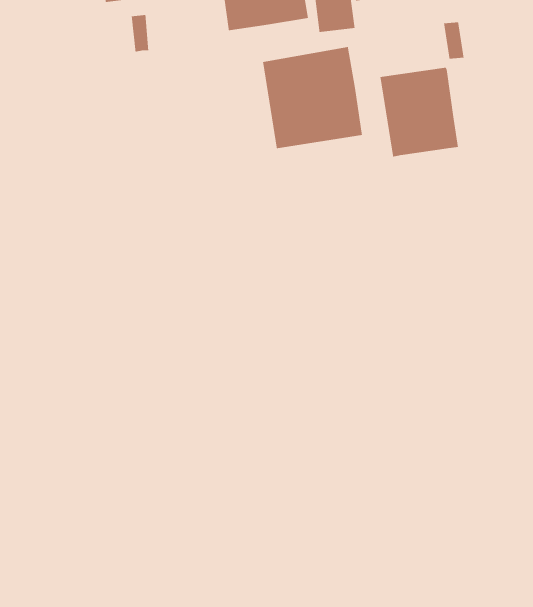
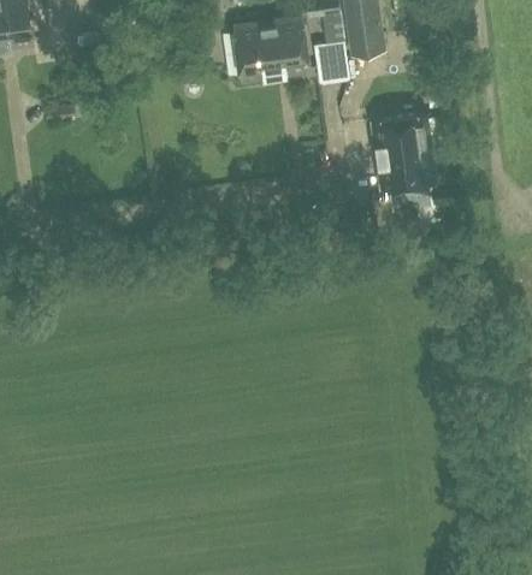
building: [262,46,363,149] -> none

